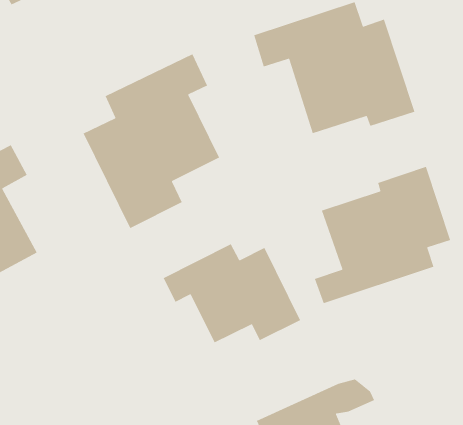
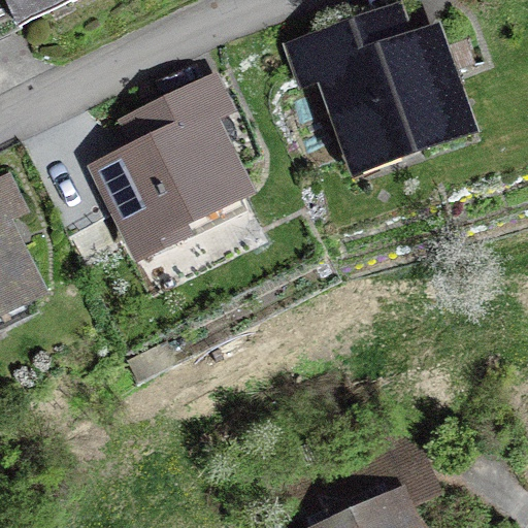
building: [314,166,451,304] -> none
building: [162,243,301,343] -> none

